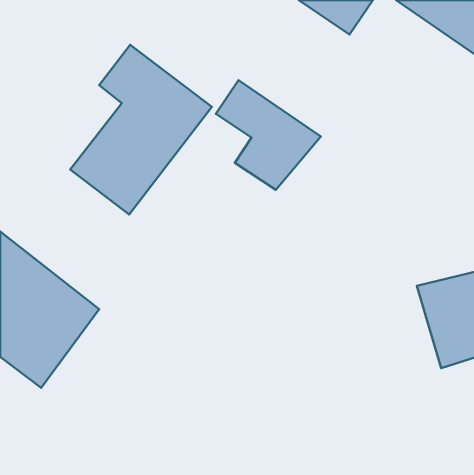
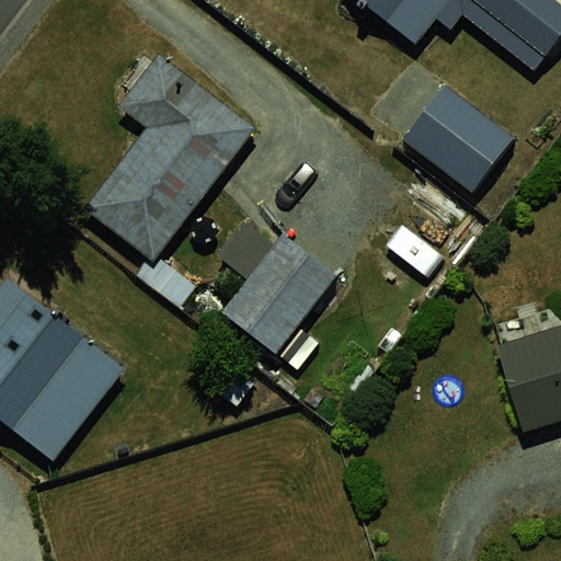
building: none -> [401,87,511,192]
building: [216,80,321,190] -> [209,217,332,345]

